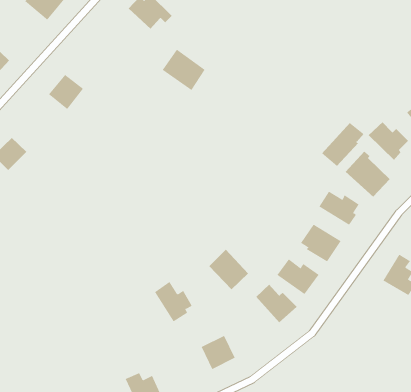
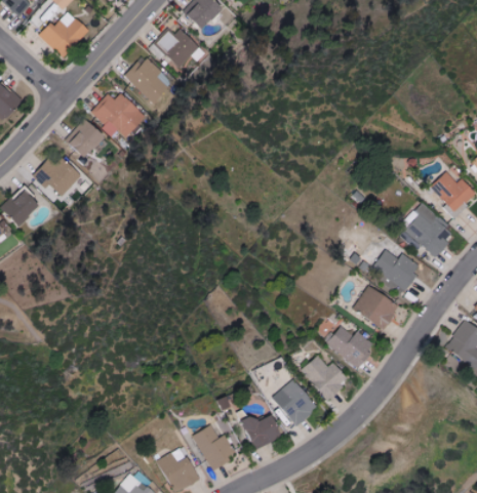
building: [162,49,206,91] -> [126,55,175,102]
building: none -> [91,92,148,137]
building: none -> [35,160,84,196]
building: [321,122,365,167] -> none
building: [209,249,249,290] -> [270,379,315,425]
building: [154,281,193,322] -> [190,423,233,469]

